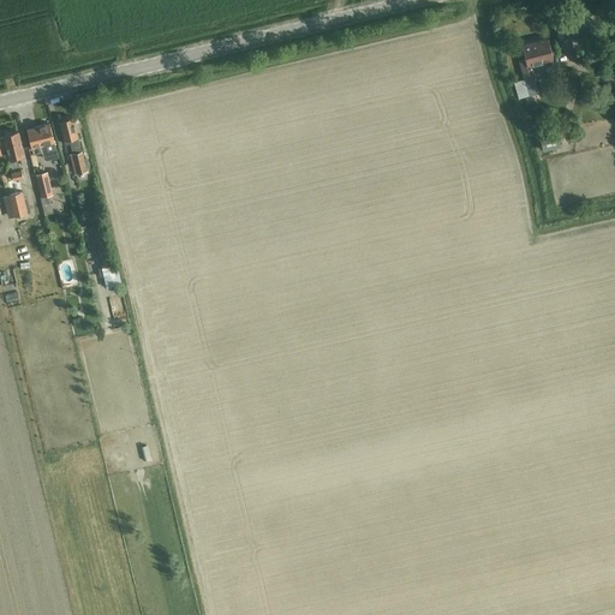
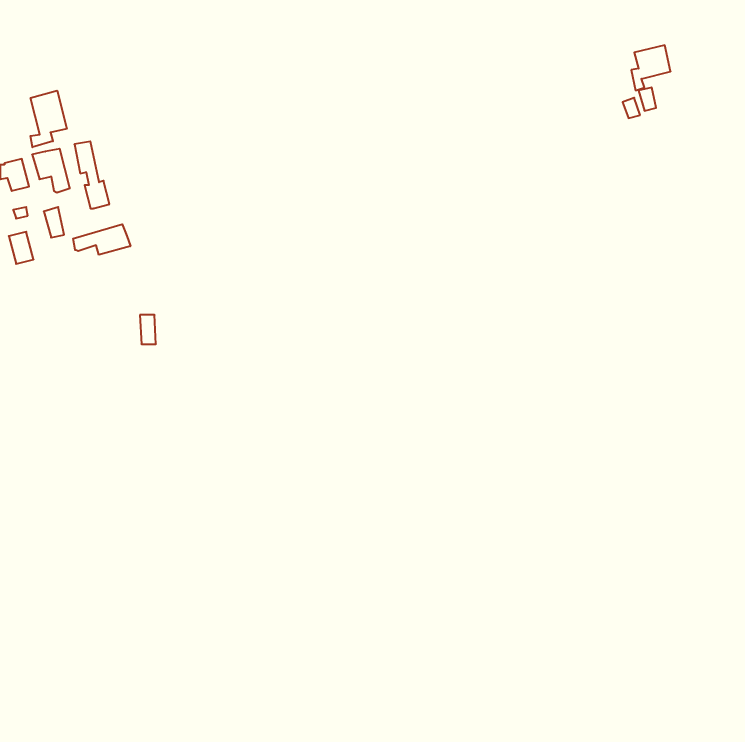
building: none -> [30,91,67,147]
building: none -> [73,224,130,255]

